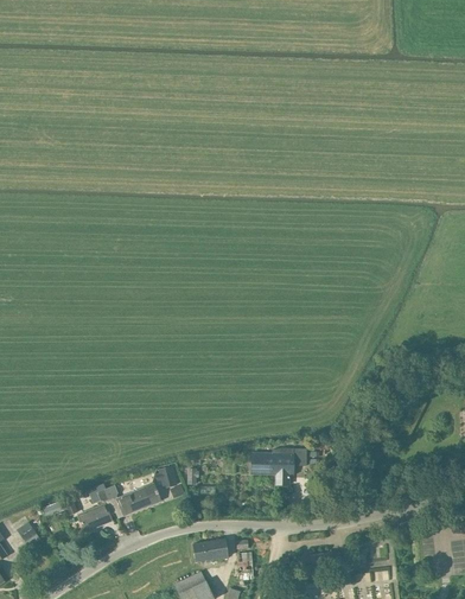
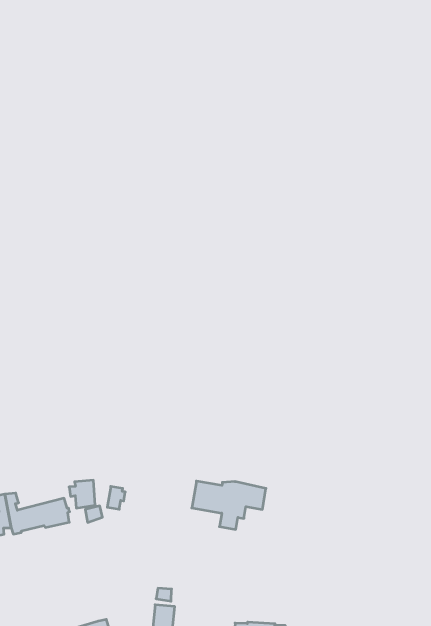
building: [192,539,228,562] -> none

